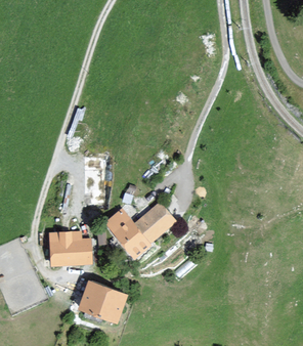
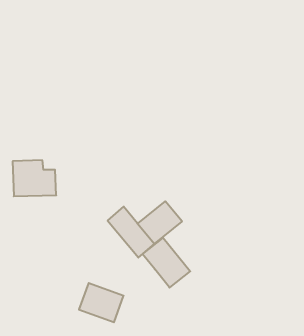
building: [49,230,91,265] -> [13,160,56,196]
building: none -> [142,238,190,288]

